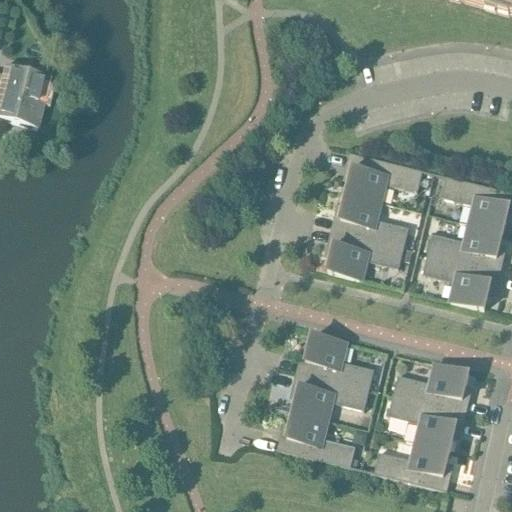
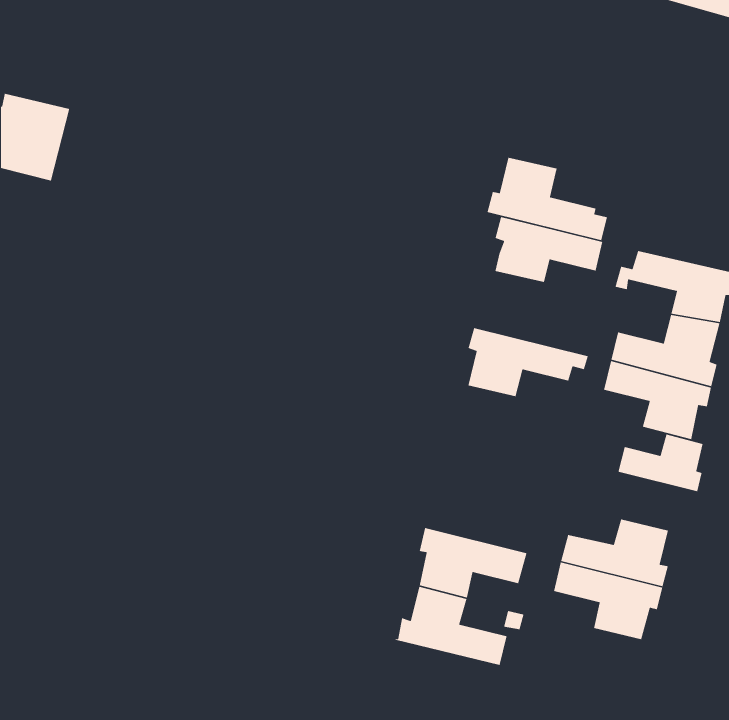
building: [332,190,417,249] -> [486,157,608,241]
building: none -> [618,433,703,492]
building: [298,333,374,387] -> none
building: [374,440,450,489] -> none

